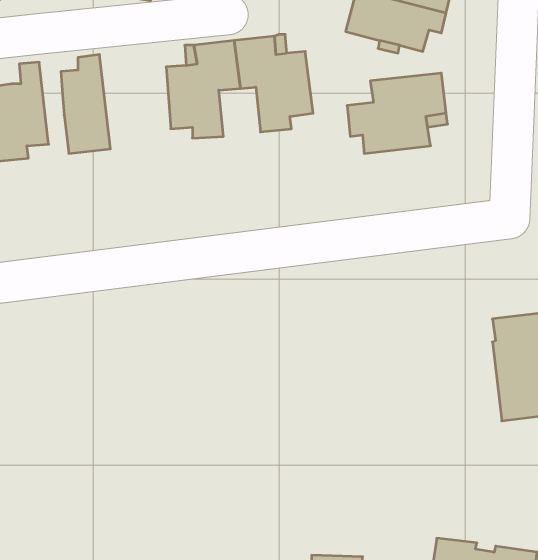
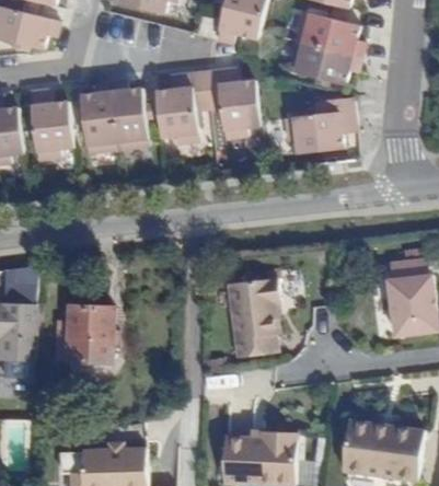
building: none -> [109,82,148,150]
building: none -> [227,285,278,362]
building: none -> [67,303,119,358]

